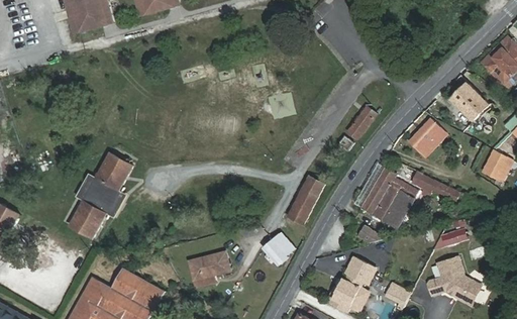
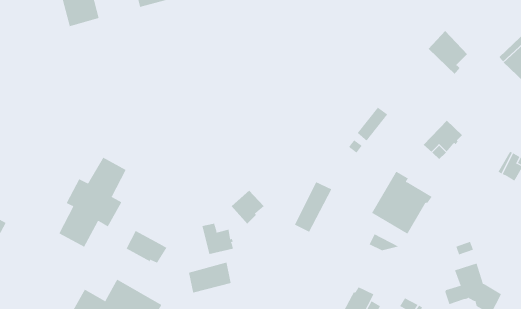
building: [450,82,488,123] -> [428,30,468,75]
building: [411,171,460,199] -> none
building: none -> [202,223,233,255]
building: none -> [126,230,167,264]
building: [263,233,294,265] -> [231,190,264,224]
building: [346,257,376,284] -> none

